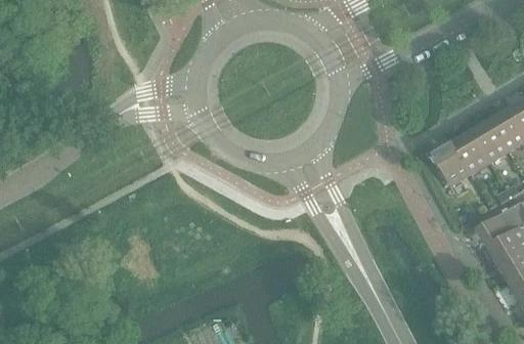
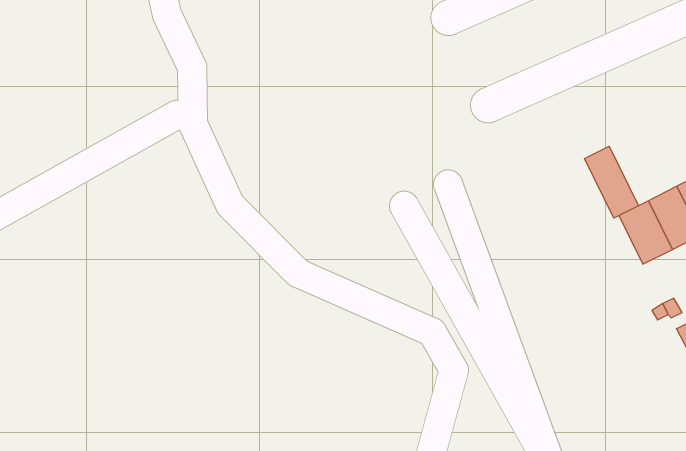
building: none -> [584,146,638,218]

